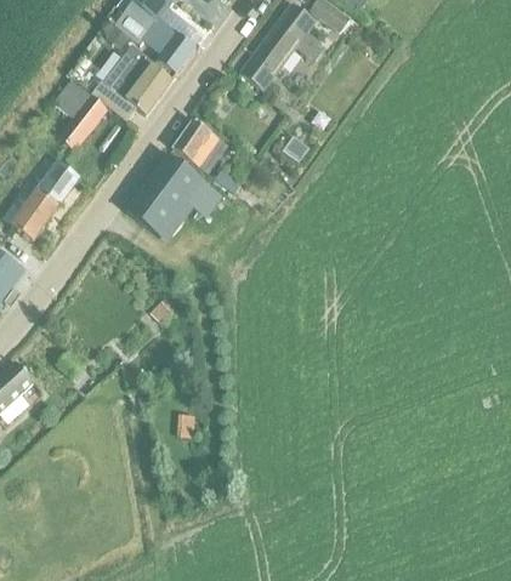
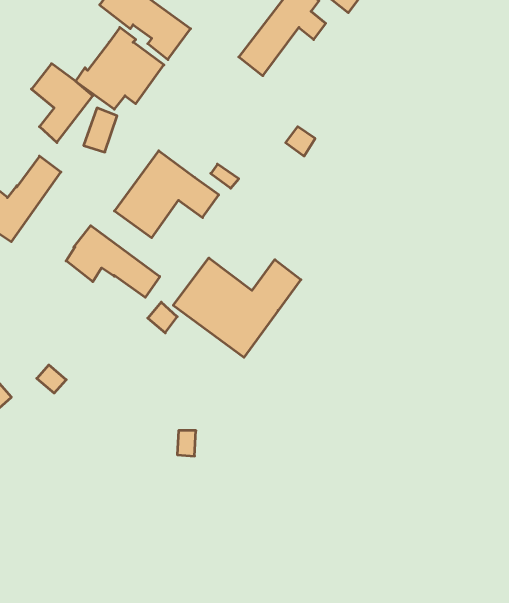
building: [172,120,222,169] -> none
building: none -> [66,226,160,297]
building: none -> [173,258,301,357]

